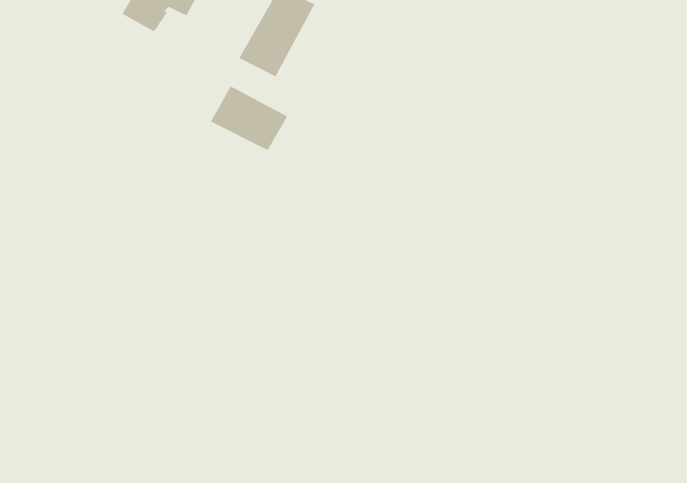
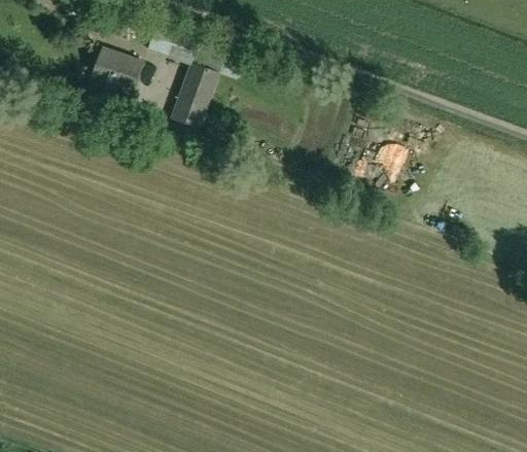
building: [210,85,288,151] -> none

